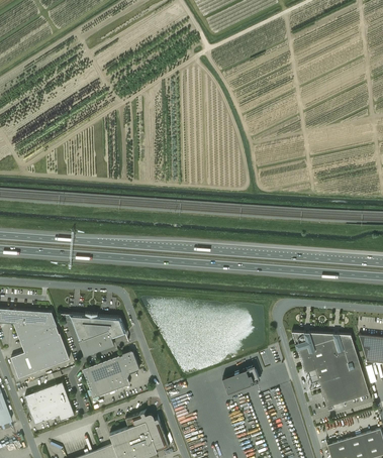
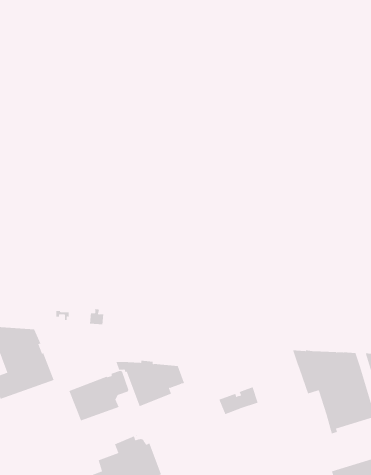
building: [62,313,126,356] -> [115,360,185,407]
building: [24,382,74,425] -> none

